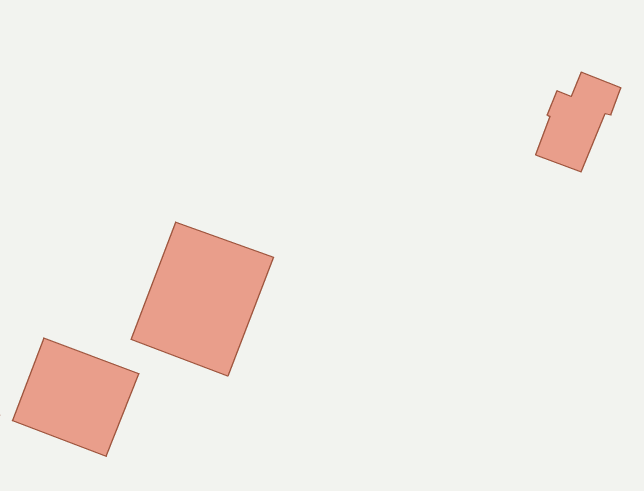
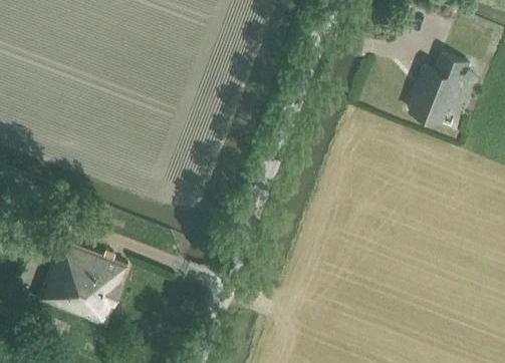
building: [131,222,273,376] -> none

